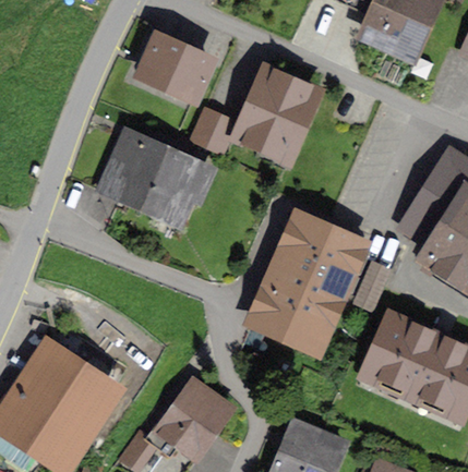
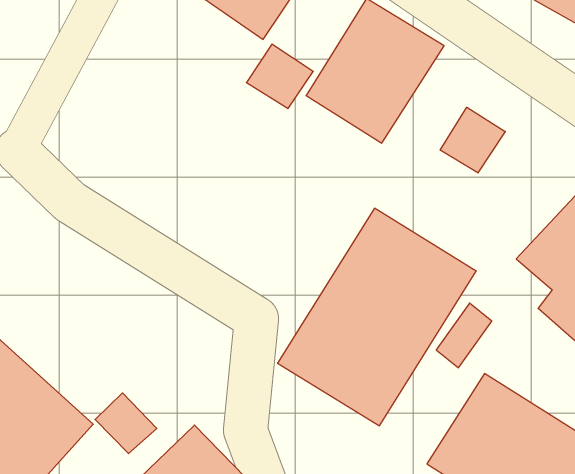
building: none -> [440,107,505,173]
building: [99,130,203,221] -> none
building: none -> [95,393,157,454]

